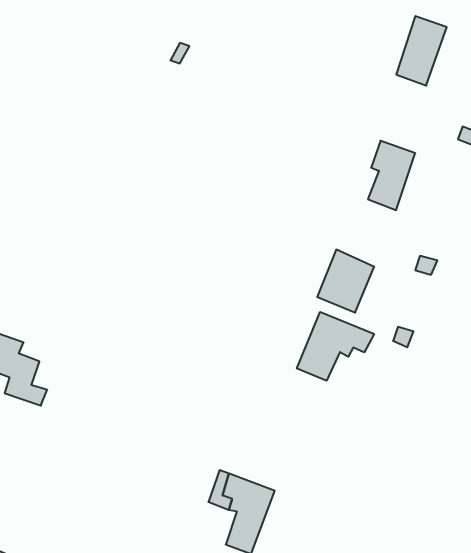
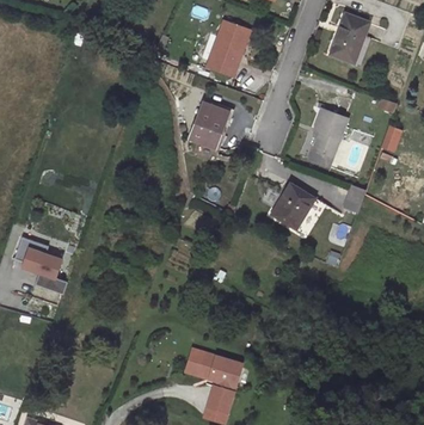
building: none -> [209,17,253,73]
building: none -> [186,100,225,146]
building: [297,312,374,381] -> none

